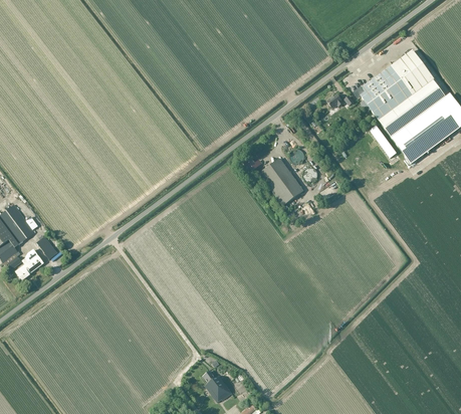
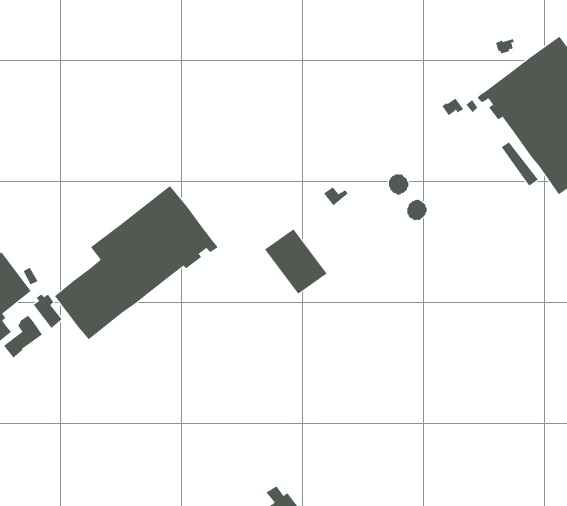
building: none -> [54,185,218,340]
building: [258,157,303,204] -> [264,228,327,295]

